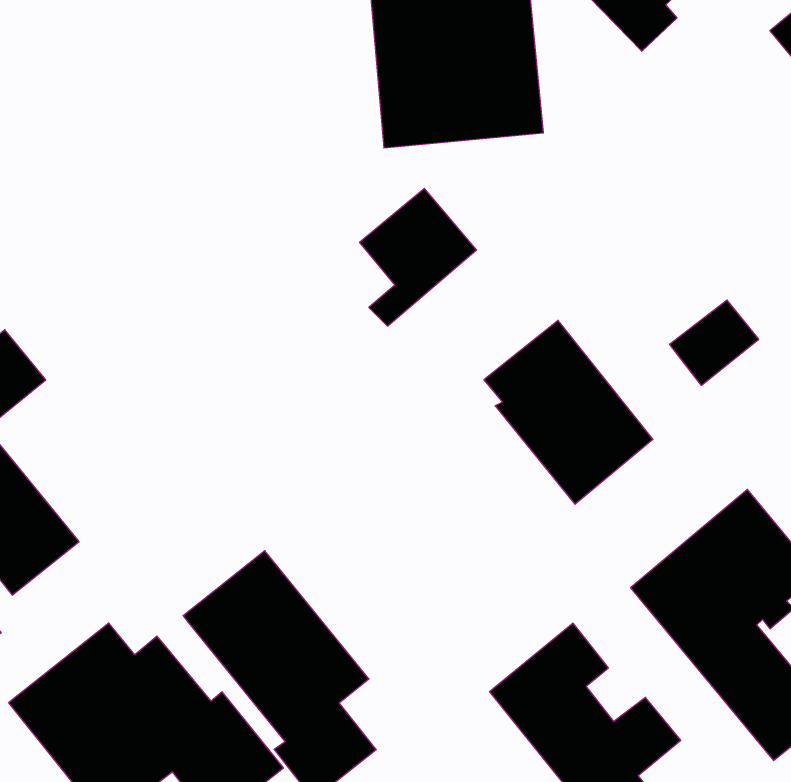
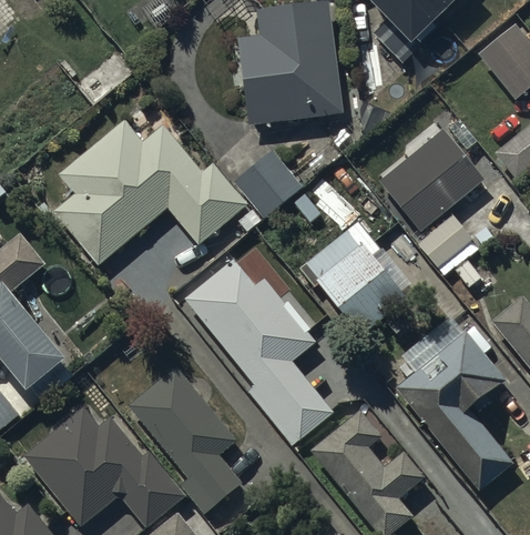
building: none -> [53,119,248,266]
building: none -> [381,130,485,232]
building: none -> [185,260,333,445]

